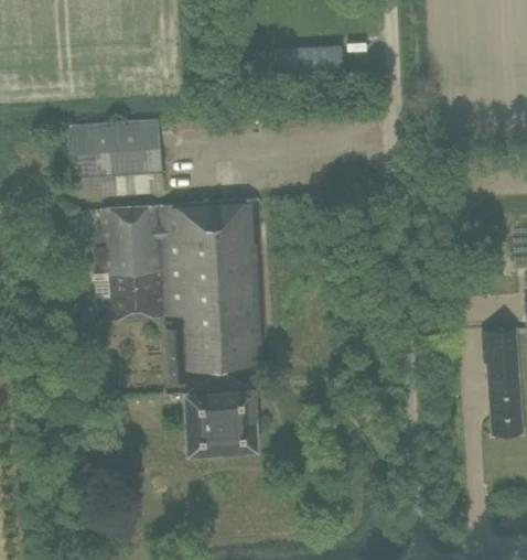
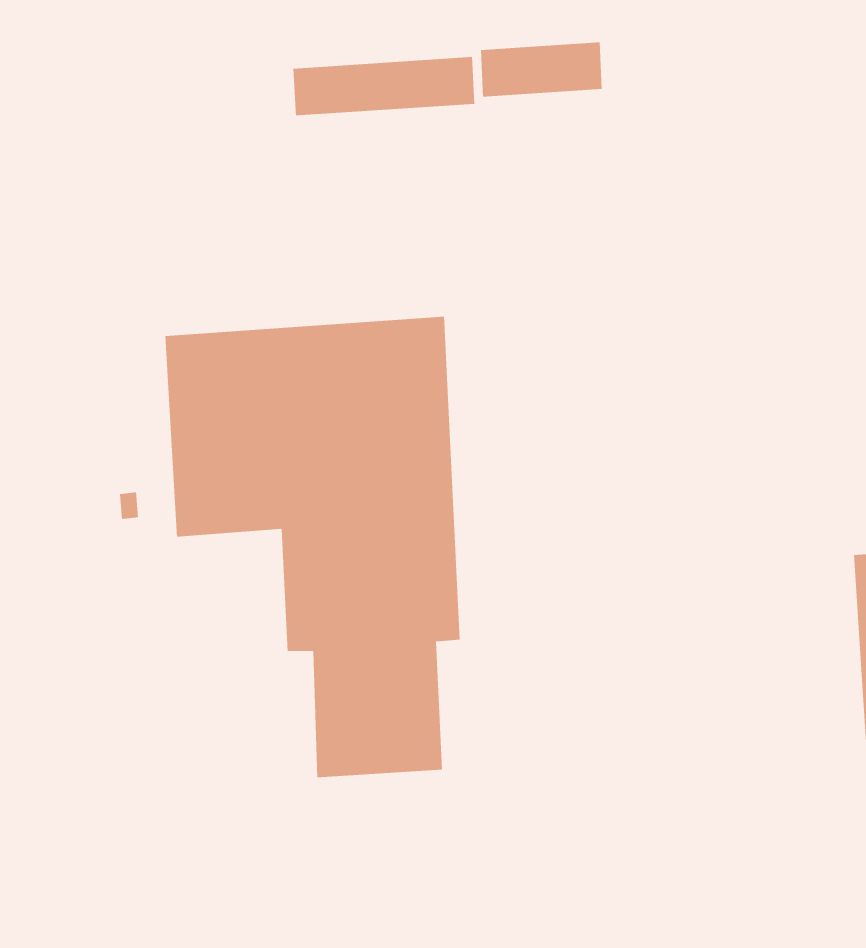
building: none -> [293,56,475,116]
building: [68,120,163,197] -> none

